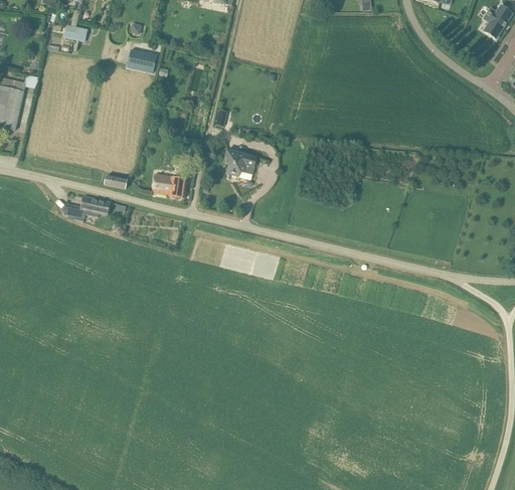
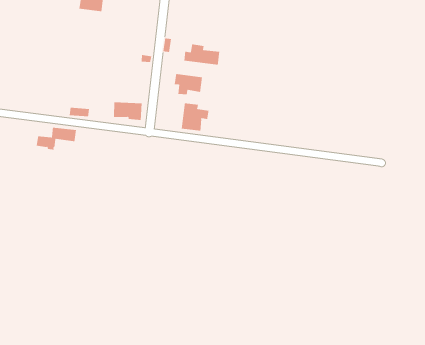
building: none -> [184,43,220,66]
building: none -> [181,102,209,132]

